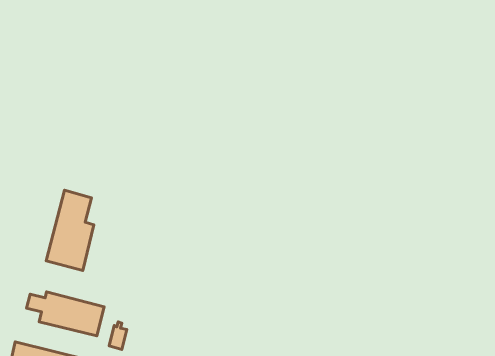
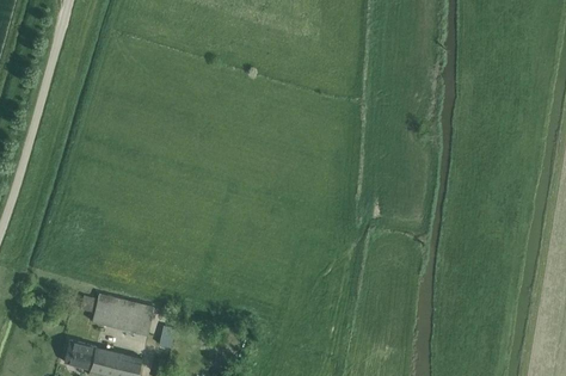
building: [46,190,94,270] -> none

